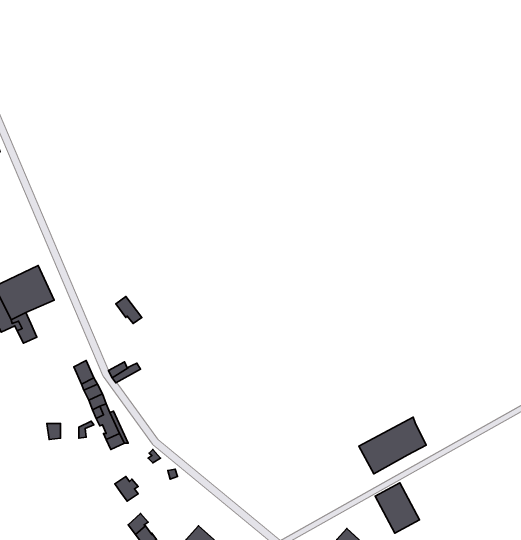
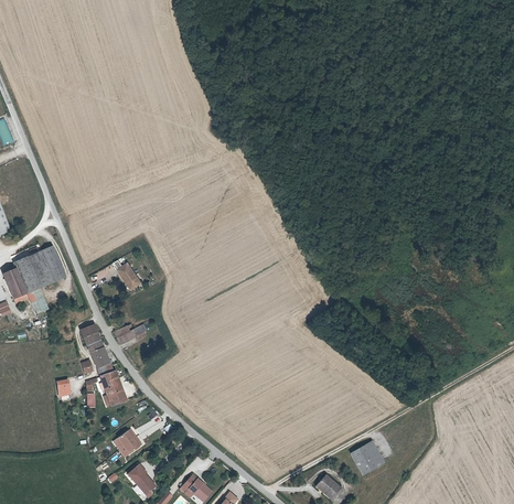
building: [359,417,426,474] -> none

